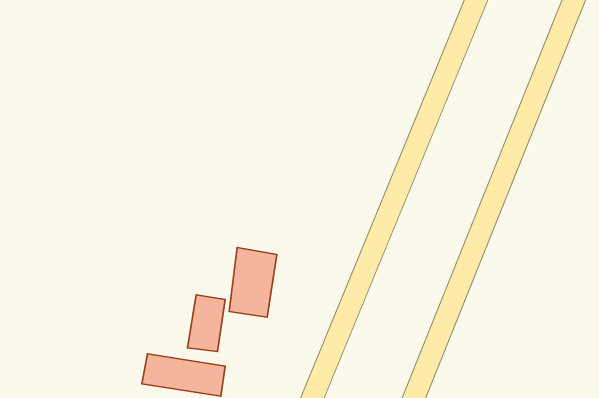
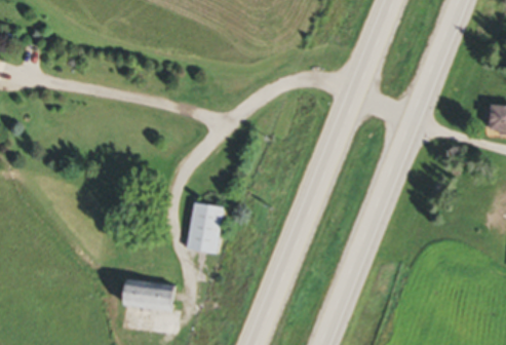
building: [187,295,225,351] -> none

